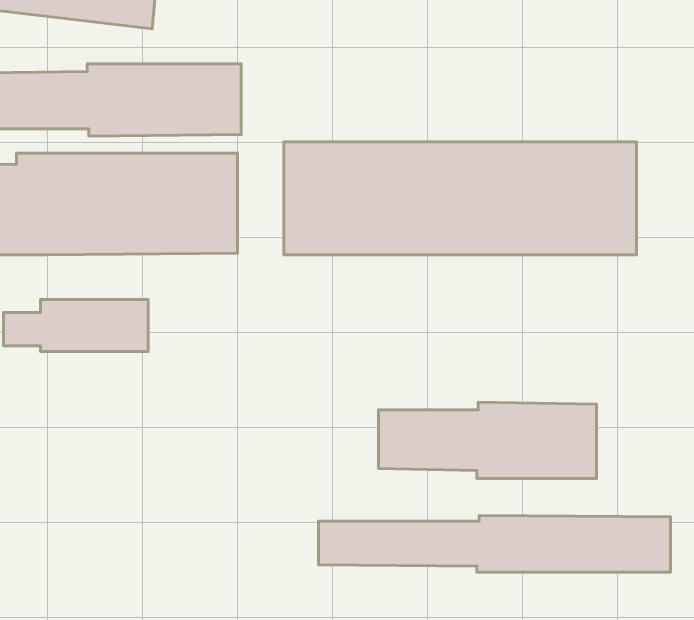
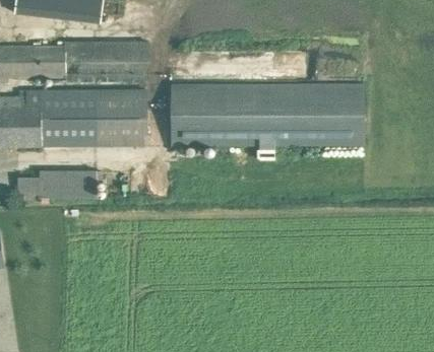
building: [379,402,597,478] -> none
building: [318,515,670,572] -> none

